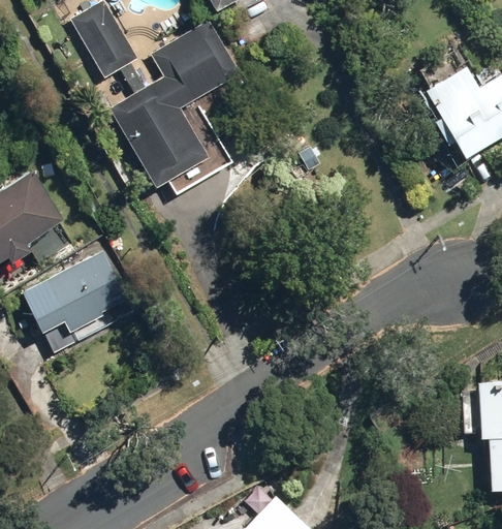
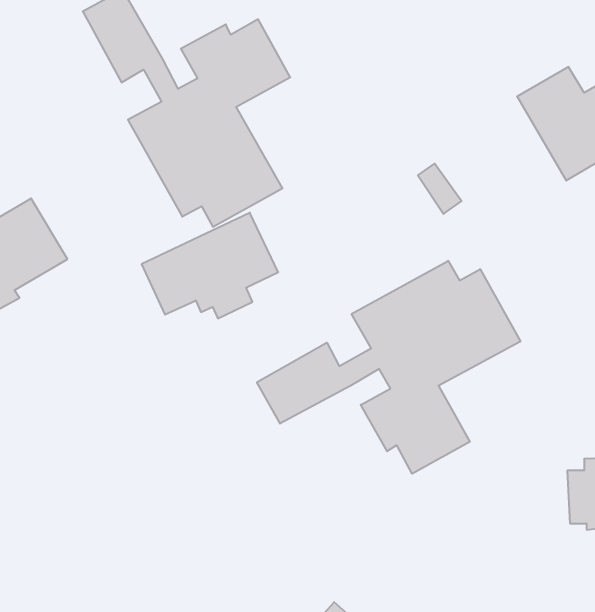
building: none -> [257,261,520,474]
building: [20,251,129,336] -> [142,213,278,318]

